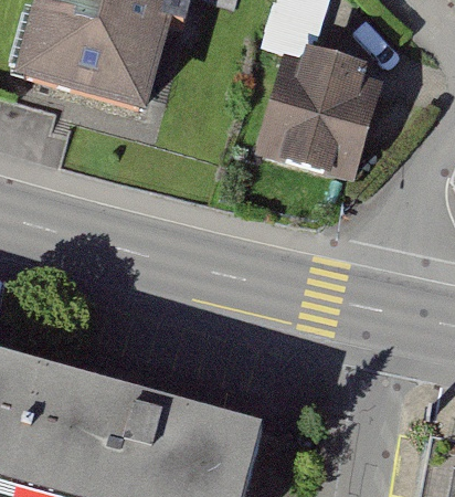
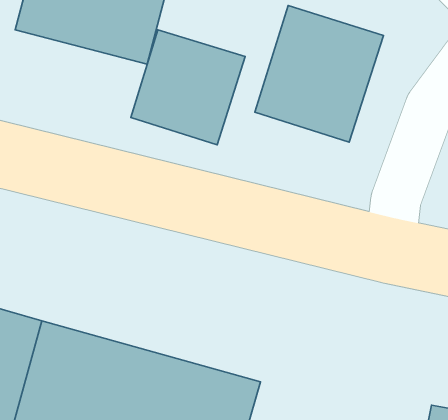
building: none -> [131,30,245,145]

